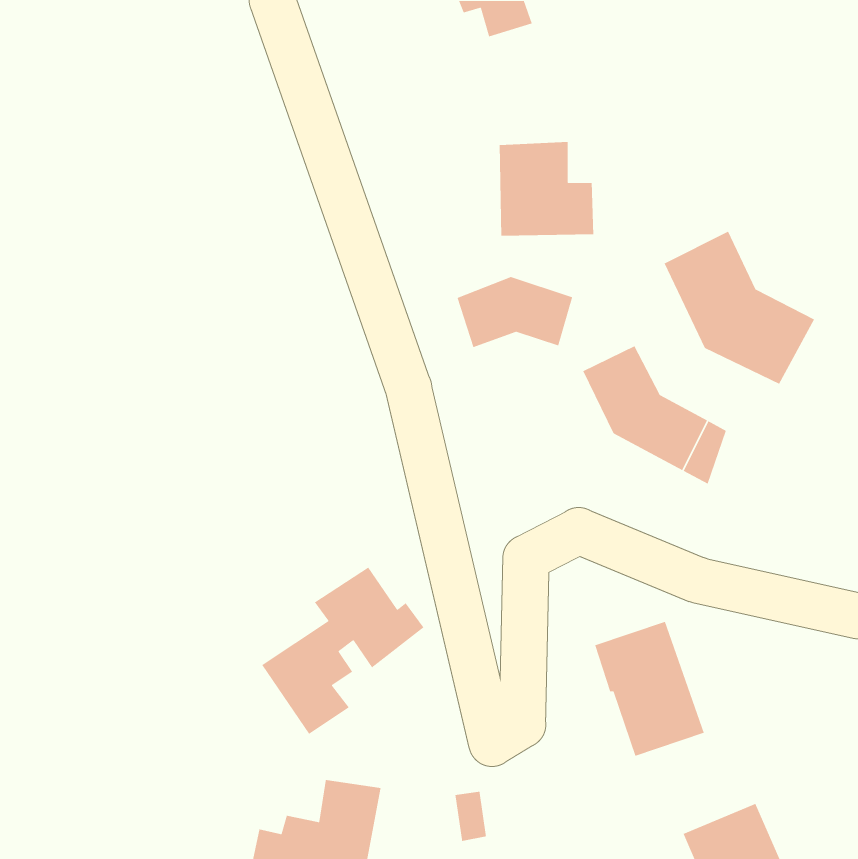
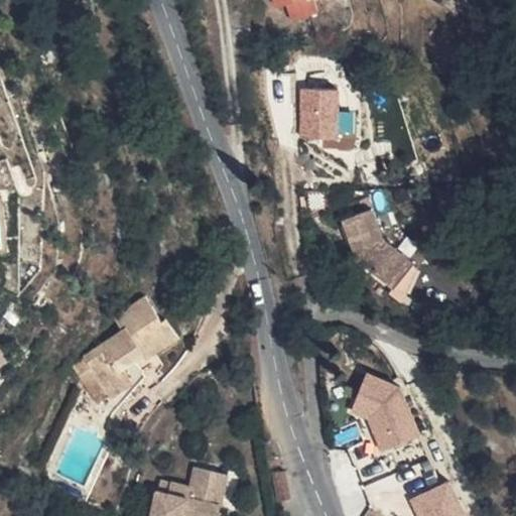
building: [663,231,815,385] -> none
building: [457,276,573,348] -> none
building: [261,566,425,735] -> [70,301,166,401]

